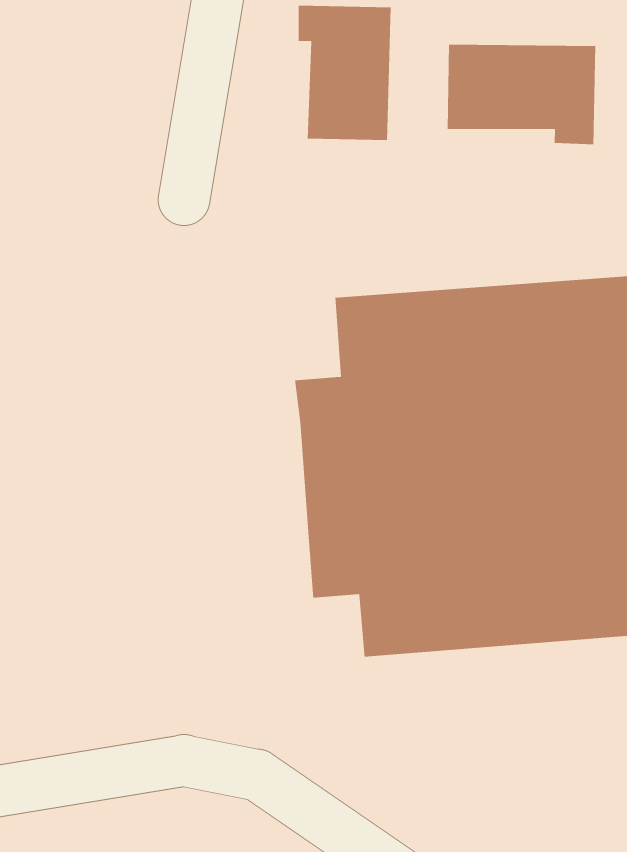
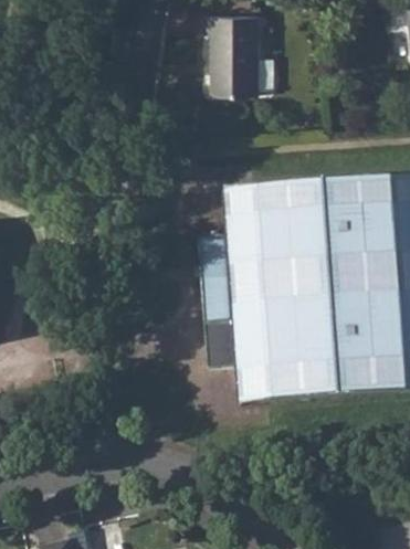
building: [447,44,596,145] -> none

